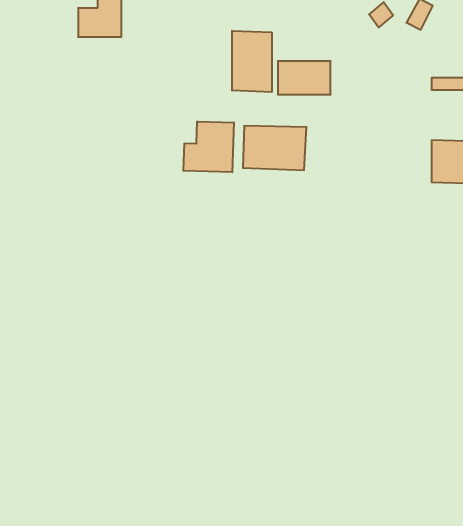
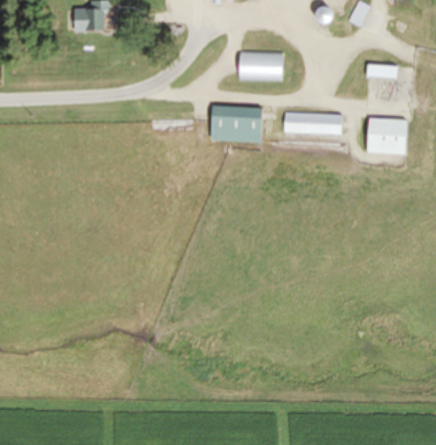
building: [232,31,272,92] -> none
building: [184,121,234,172] -> none
building: none -> [284,114,342,133]

